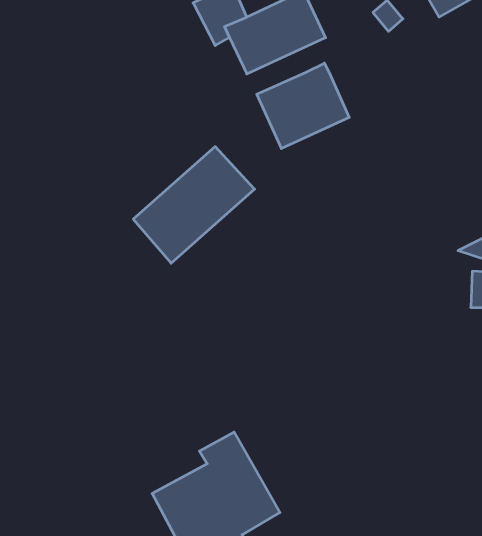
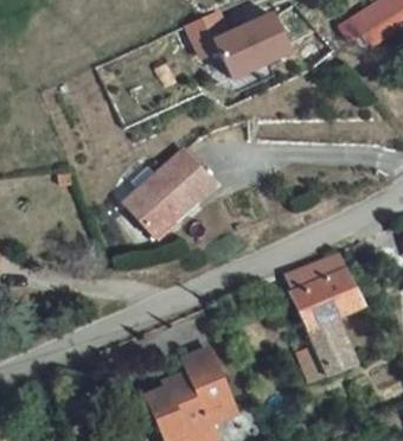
building: [257,63,349,149] -> none
building: none -> [294,249,364,381]

